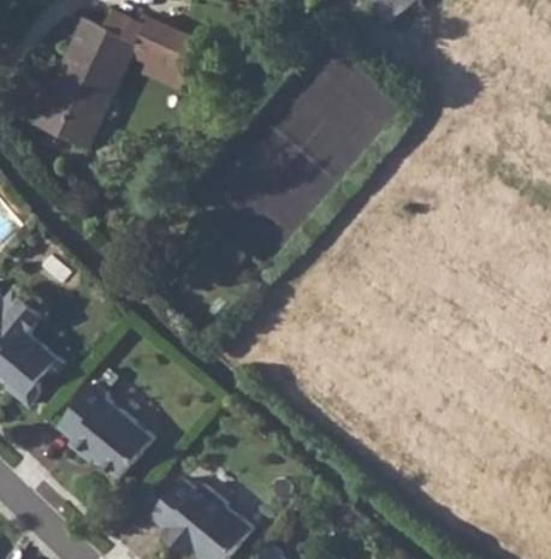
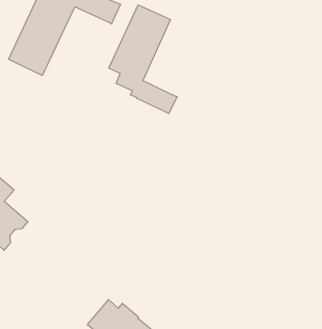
building: none -> [109,5,177,114]
building: [58,382,153,478] -> none

